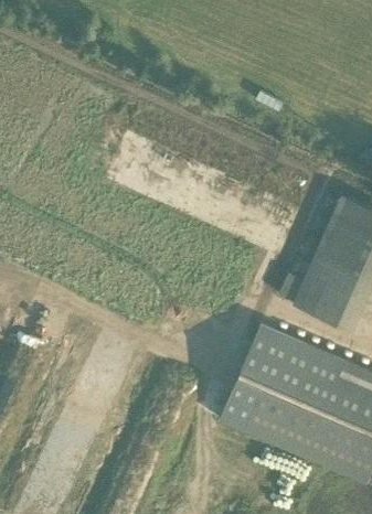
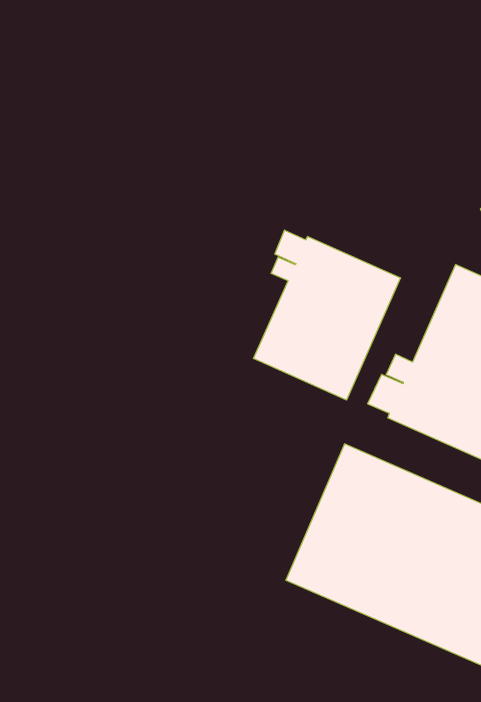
building: none -> [254,230,401,400]

